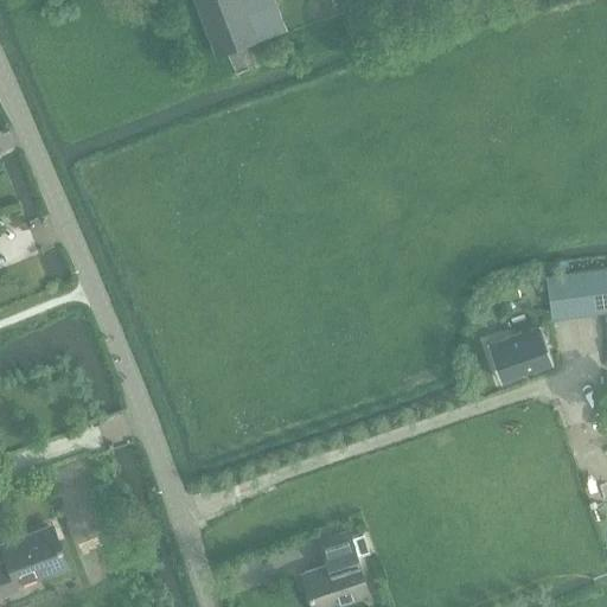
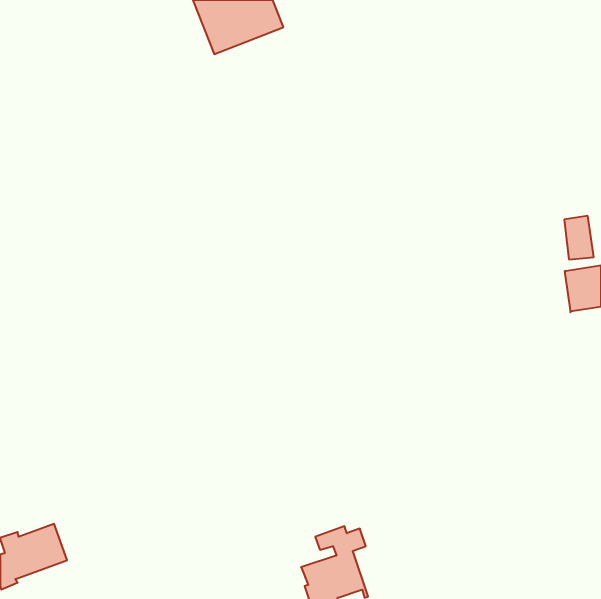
building: [545,275,575,319] -> [564,216,594,259]
building: [486,325,552,382] -> none

